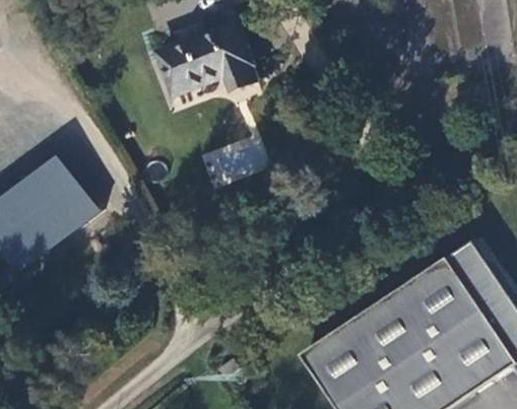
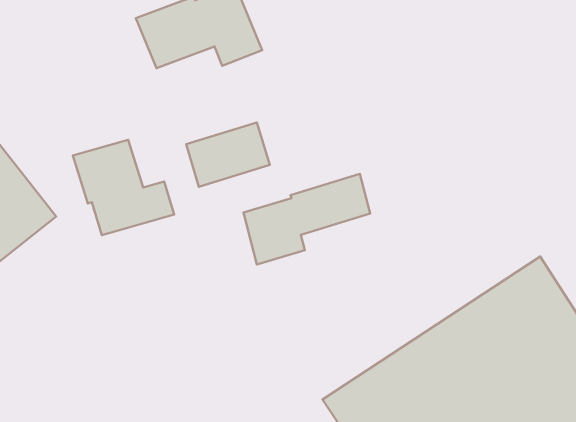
building: none -> [73,140,174,235]
building: none -> [243,174,370,265]

